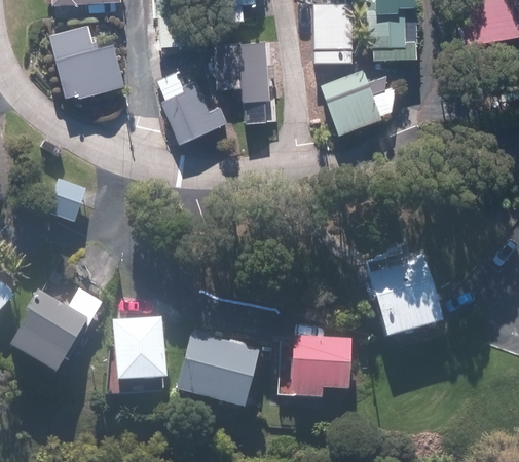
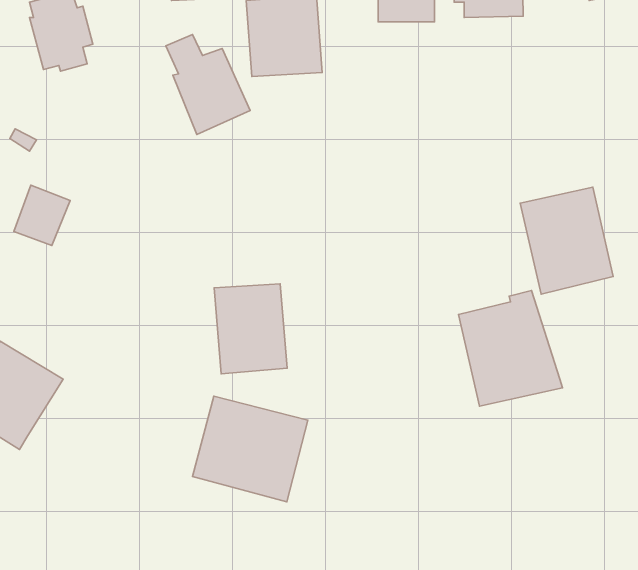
building: [321,66,385,131] -> none
building: none -> [520,187,613,294]
building: [114,317,168,383] -> [214,284,287,374]
building: [292,336,350,399] -> none

